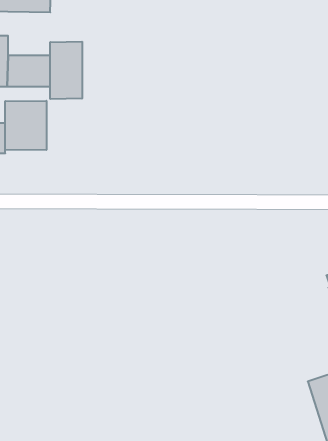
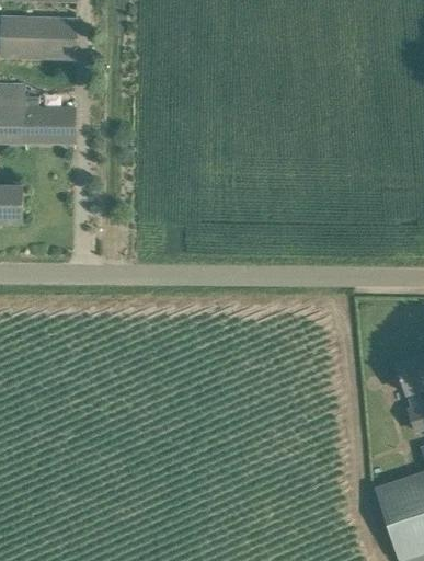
building: [50,42,82,99] -> none
building: [5,101,46,150] -> none

